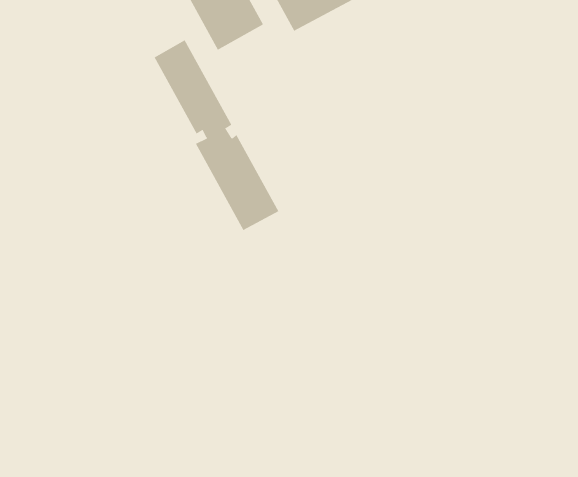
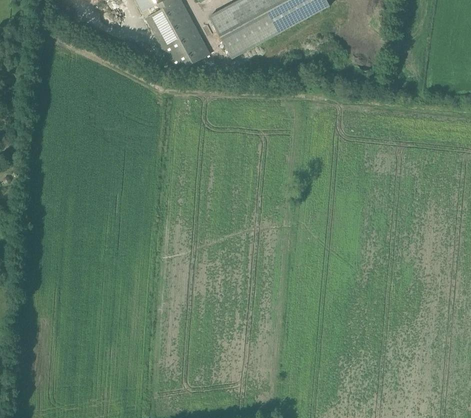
building: [154,40,279,231] -> none

